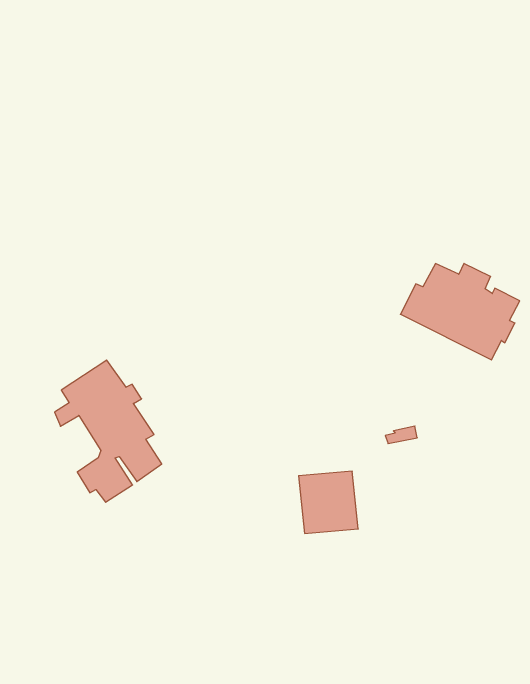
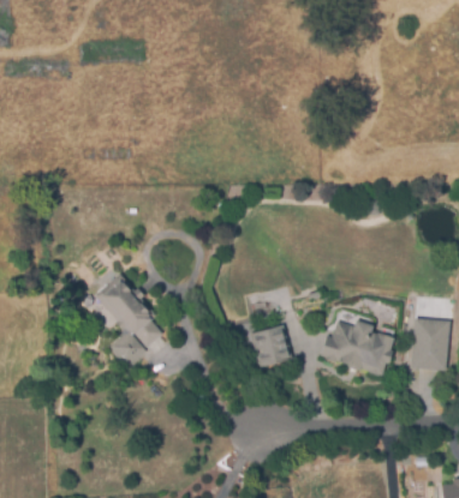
building: [400,263,520,360] -> [320,318,394,377]

